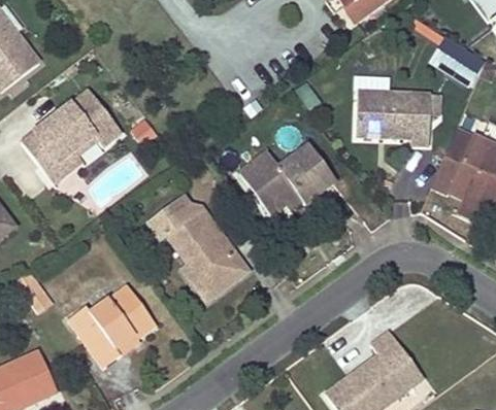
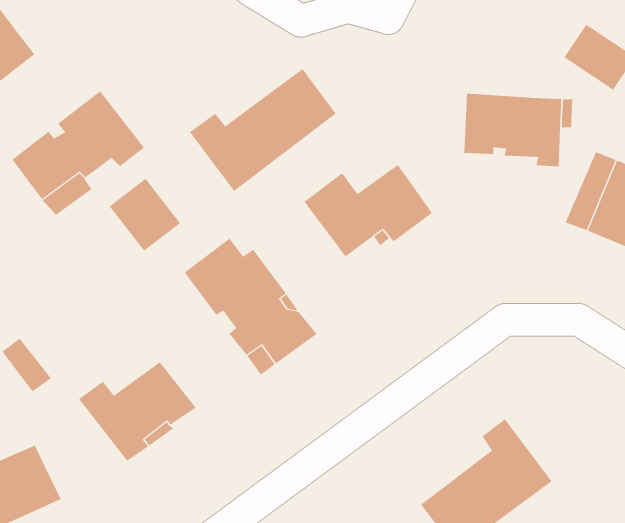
building: none -> [189,68,336,192]
building: none -> [109,178,181,252]

